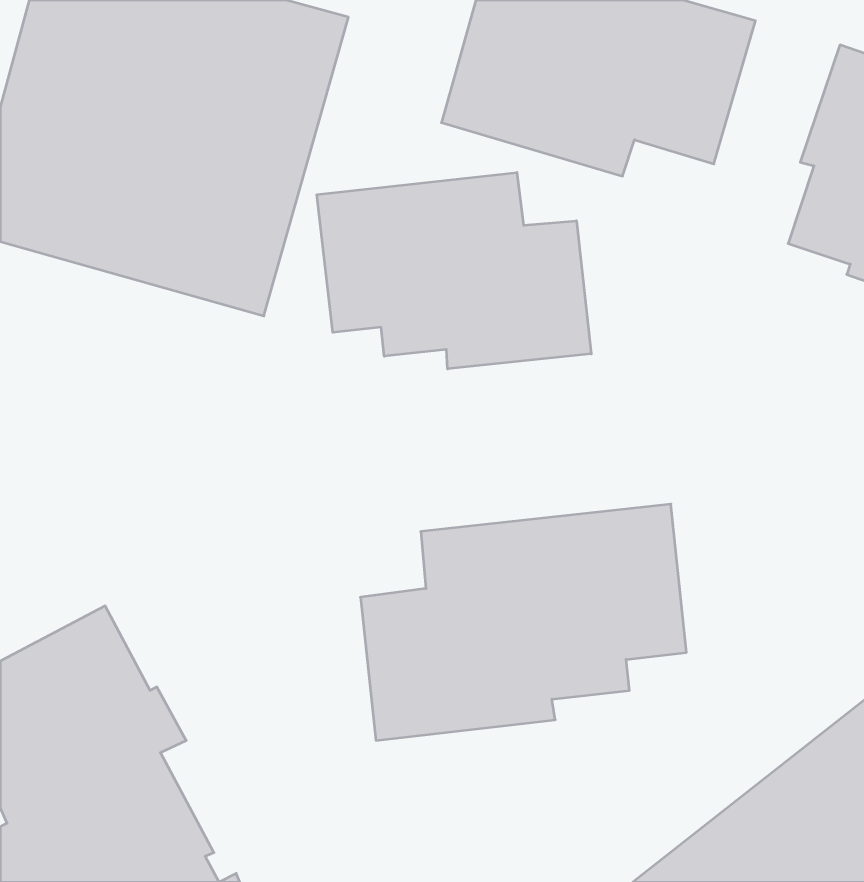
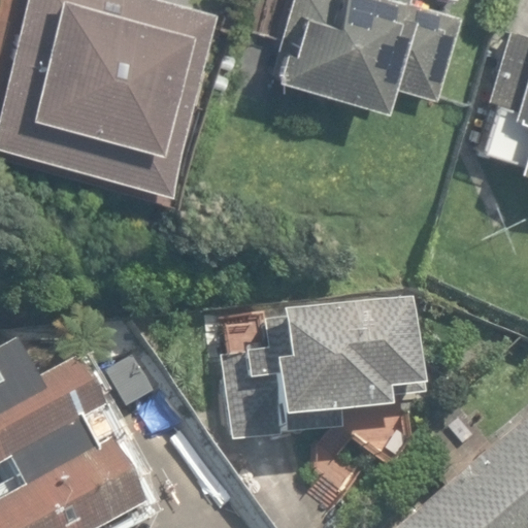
building: [317,172,591,369] -> none

